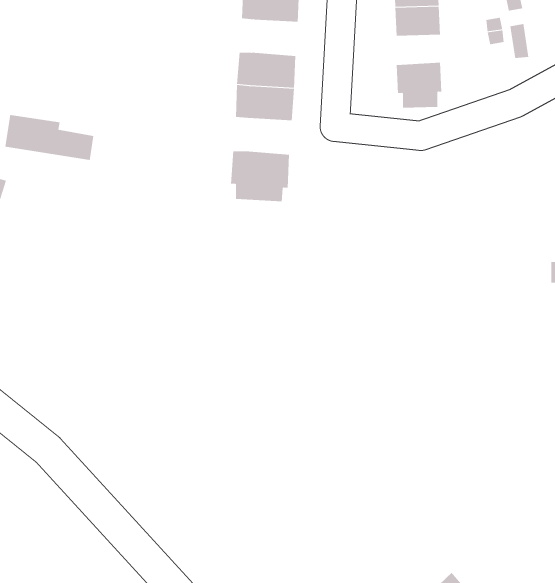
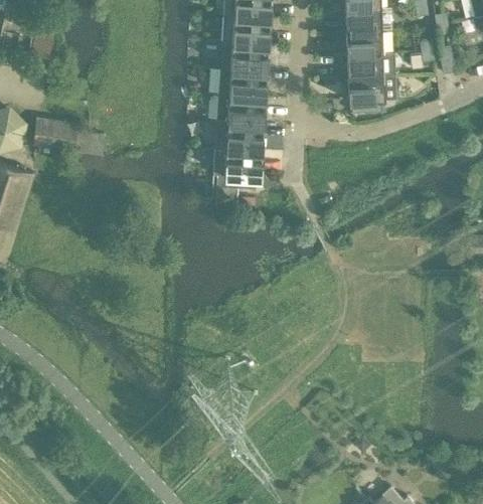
building: none -> [230,40,269,69]
building: none -> [347,51,395,76]
building: none -> [215,119,264,149]

